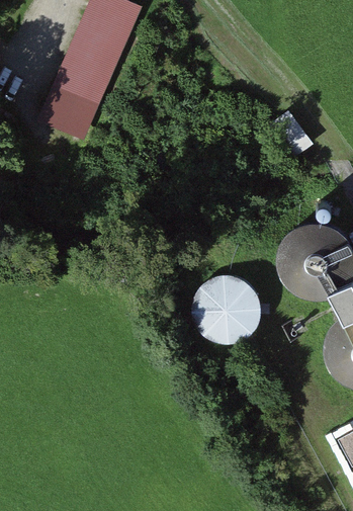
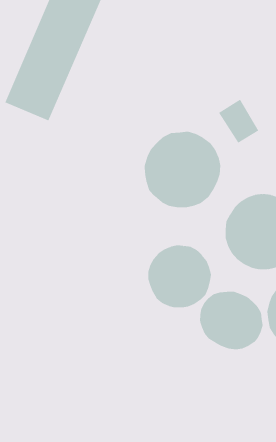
building: none -> [144,131,221,208]
building: none -> [200,291,263,350]

